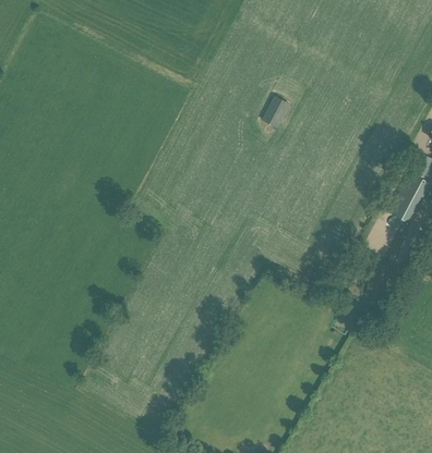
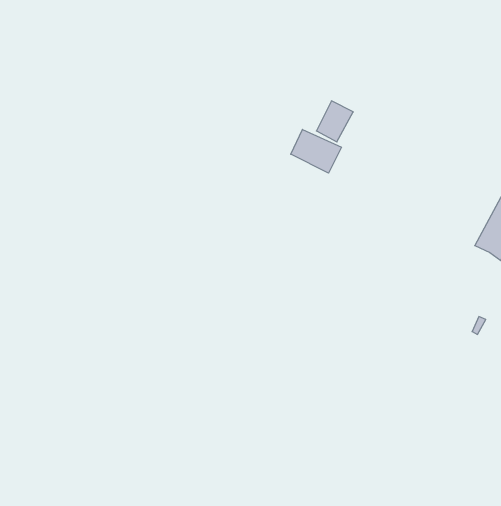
building: none -> [291,129,341,173]

